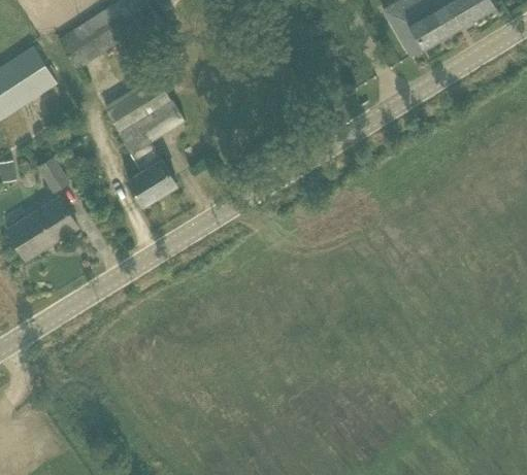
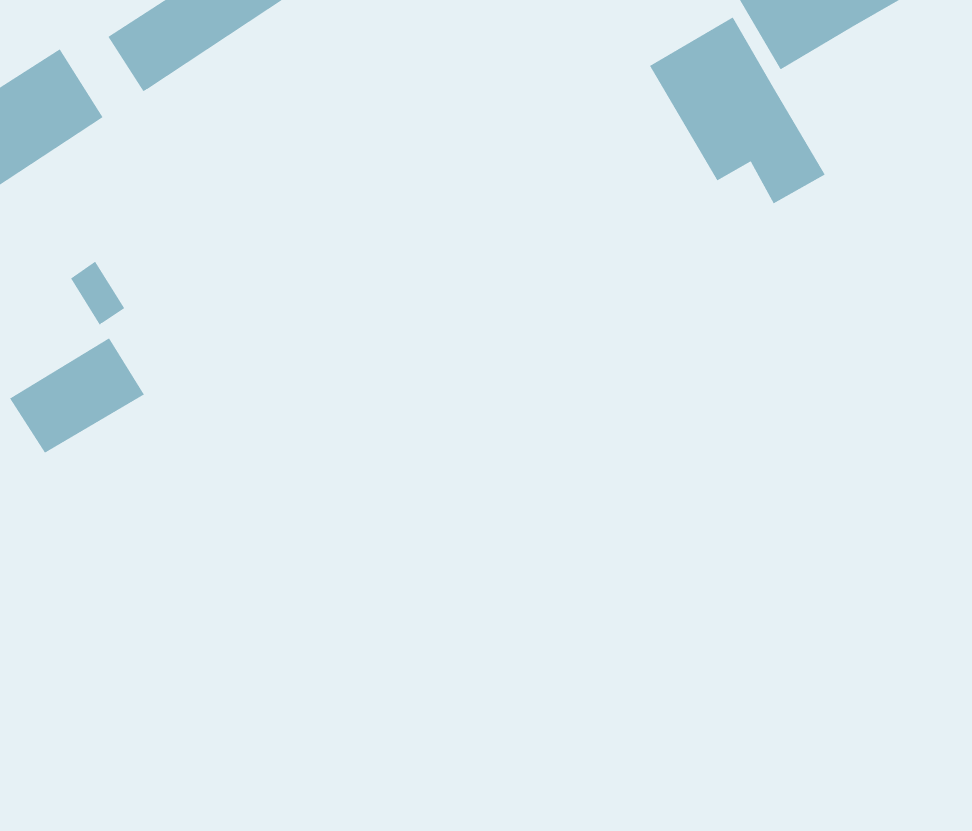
building: none -> [649,17,826,204]
building: [106,79,185,205] -> none

